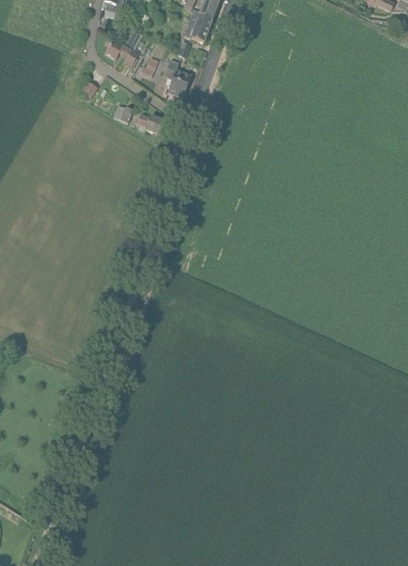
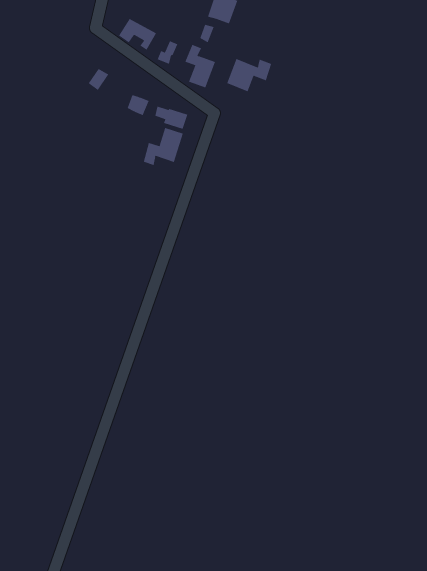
building: none -> [227,58,272,92]
building: none -> [143,127,183,166]

